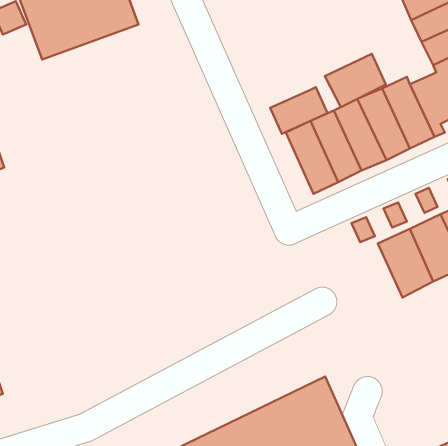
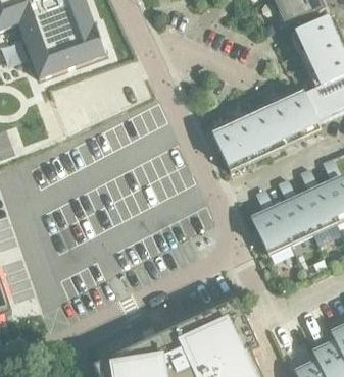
building: [325,54,386,107] -> none
building: [270,87,327,134] -> none
building: none -> [250,205,291,253]

